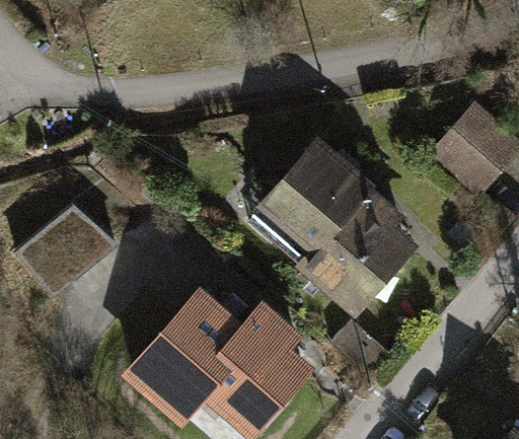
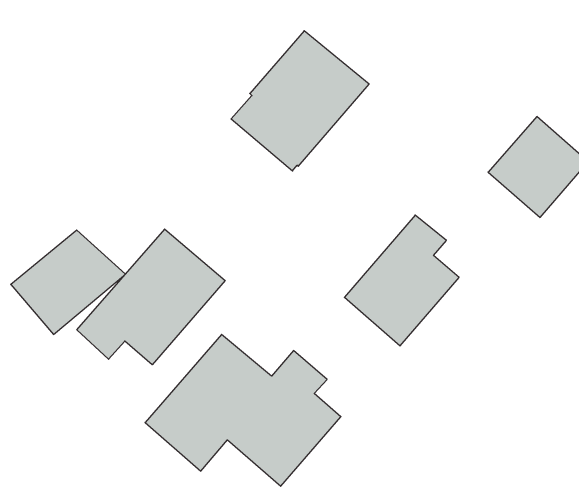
building: [251,145,372,268] -> [231,31,369,171]
building: none -> [77,229,225,365]

